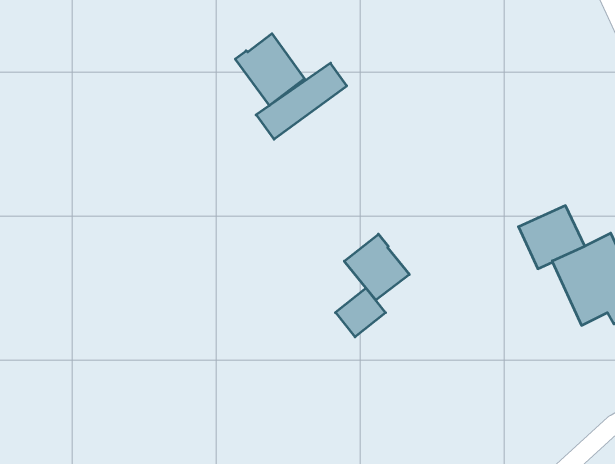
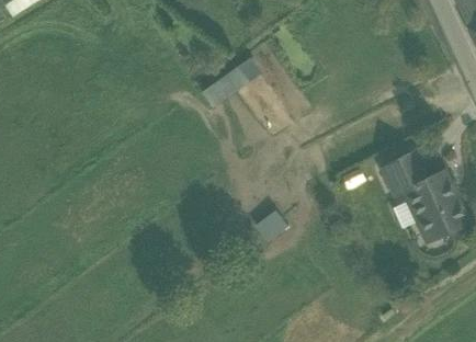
building: [235,34,305,106] -> none
building: [344,234,409,300] -> none

